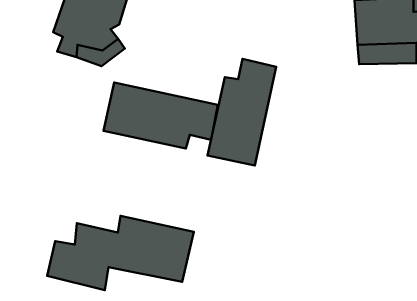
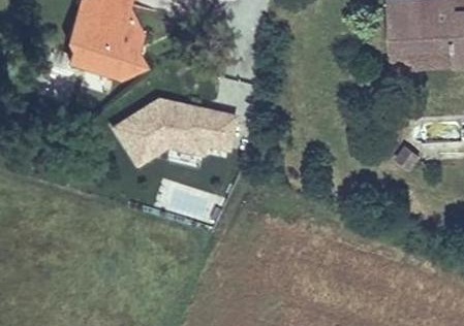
building: [208,59,276,166] -> none
building: [47,216,194,290] -> none

